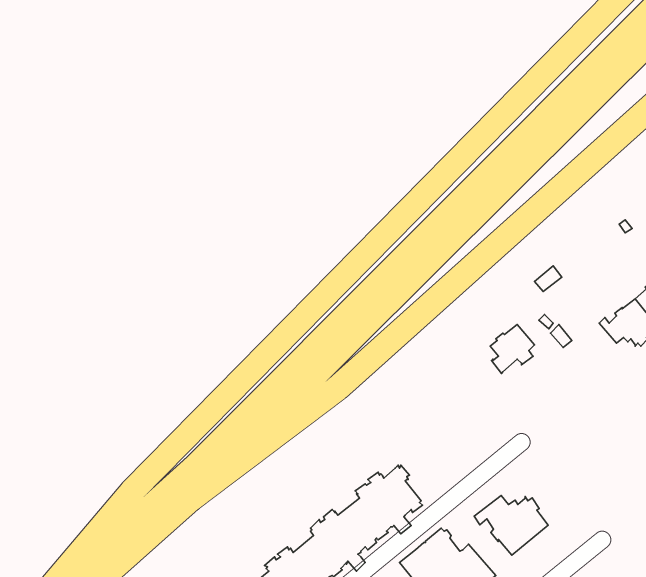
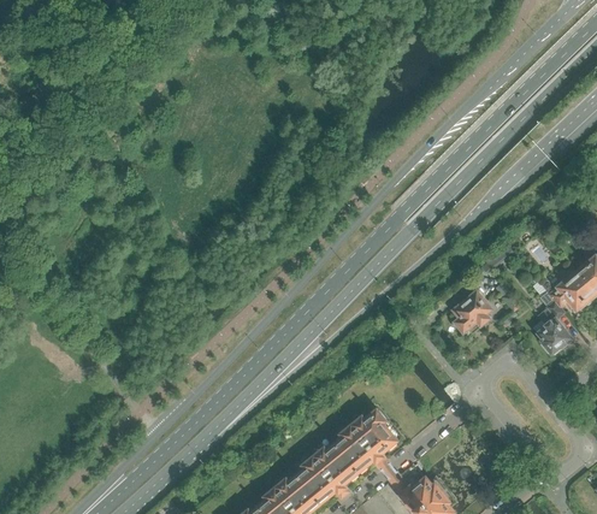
building: none -> [532,283,572,356]
building: [474,496,548,555] -> none

